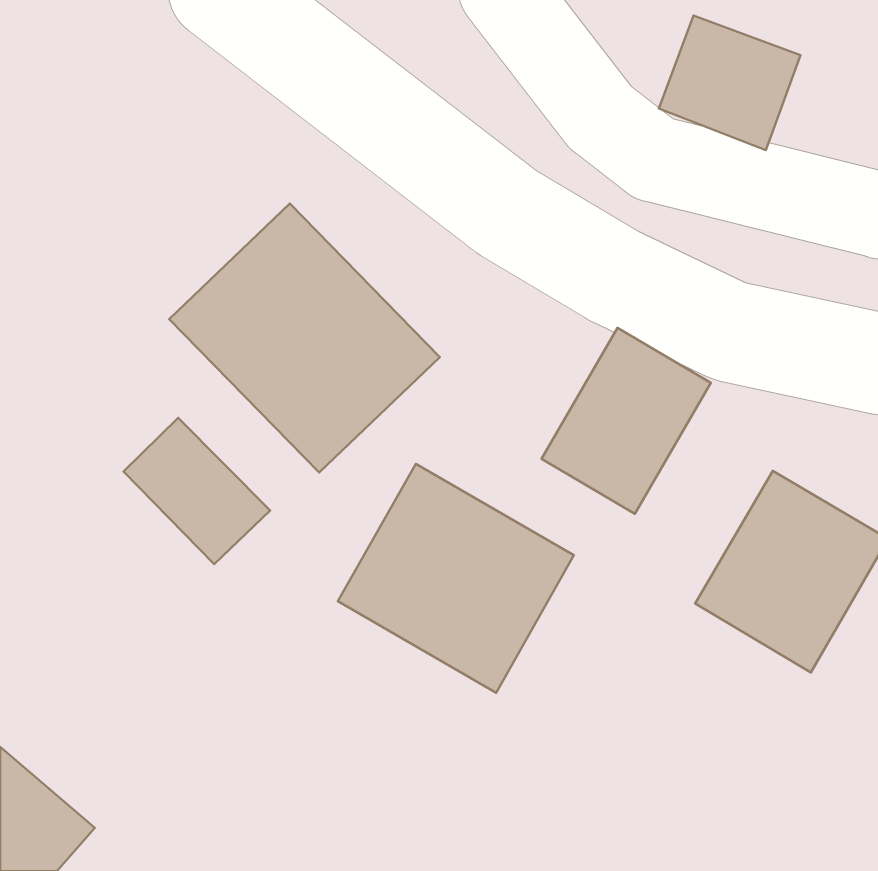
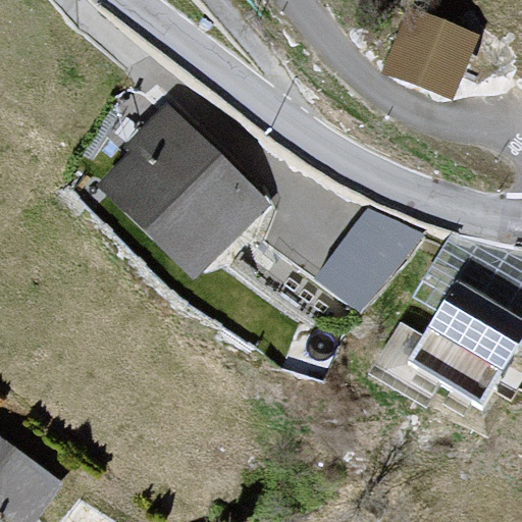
building: [123,418,270,564] -> none
building: [338,464,574,693] -> none

